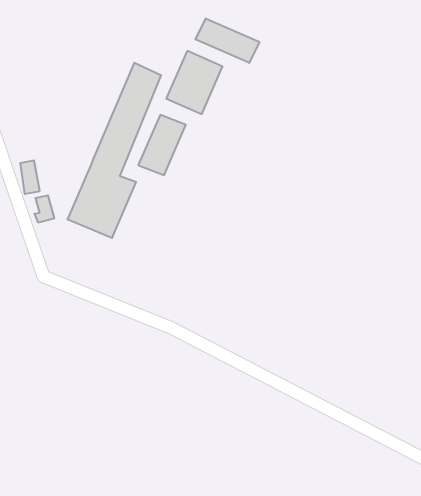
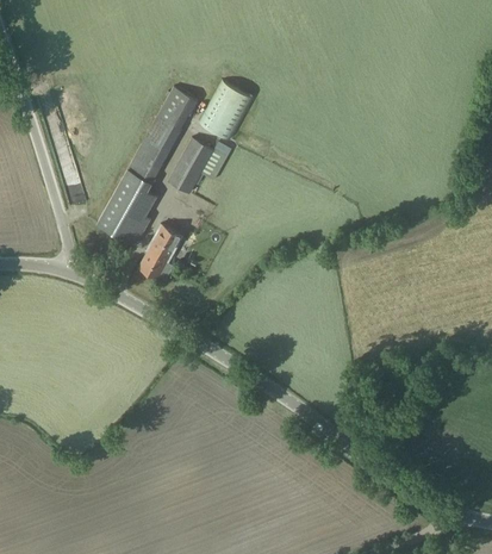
building: [196,18,259,63] -> none
building: none -> [139,225,182,278]

